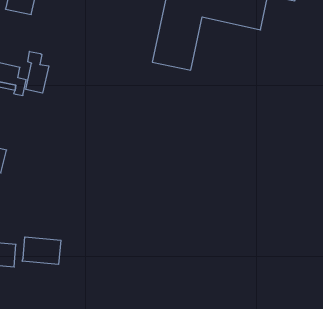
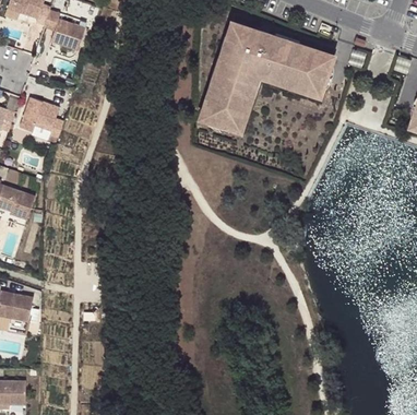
building: [26,51,49,93] -> none
building: [22,237,61,264] -> none

